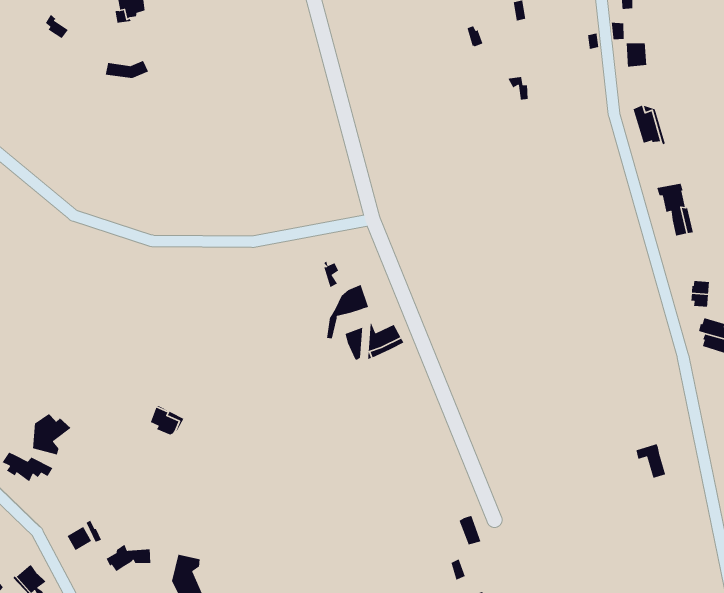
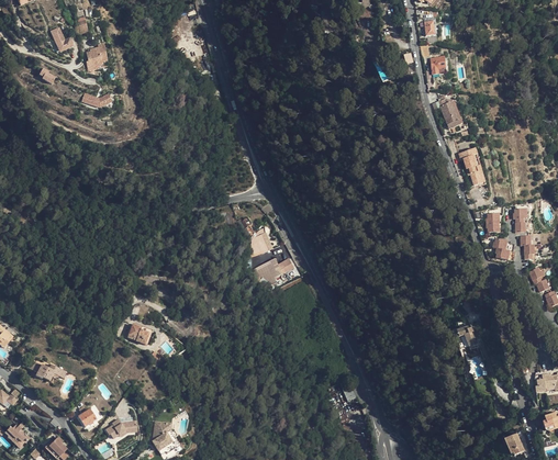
building: [32,413,72,455] -> none

